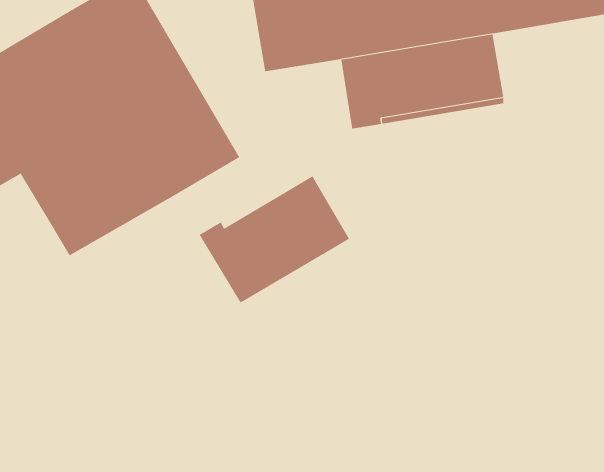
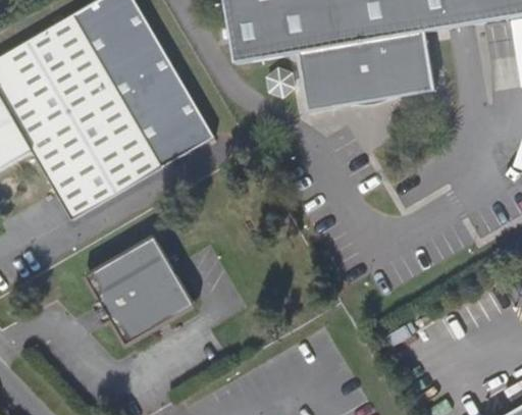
building: [199,175,350,304] -> none
building: none -> [86,237,194,345]

